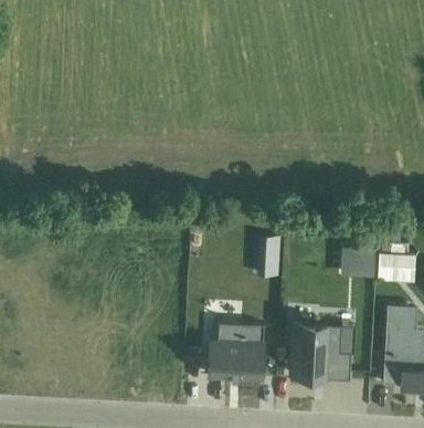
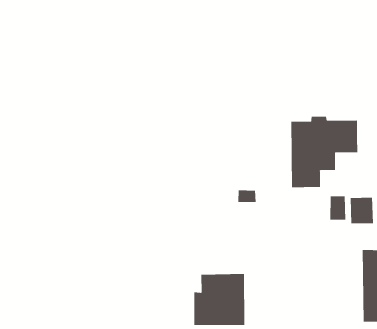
building: none -> [291,116,358,188]
building: [292,325,352,383] -> none

